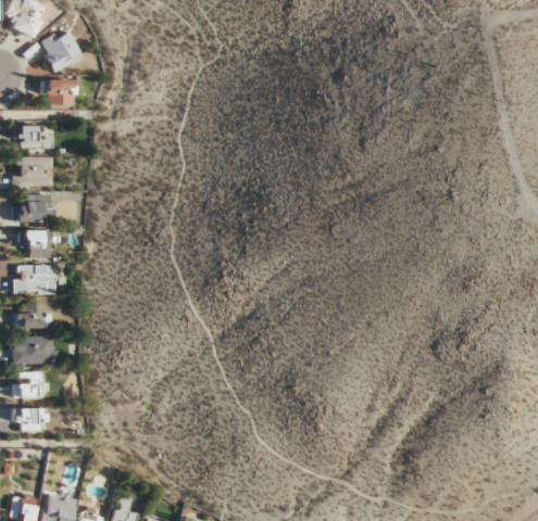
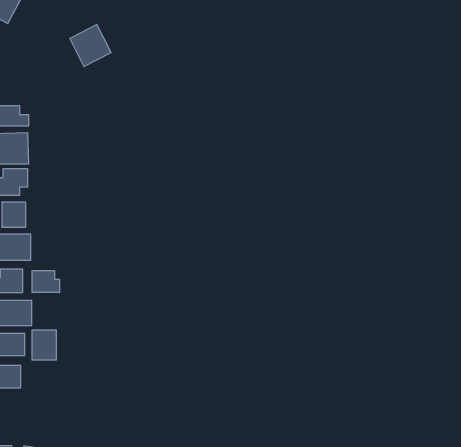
building: [39,27,84,73] -> [70,24,111,67]
building: [43,79,74,103] -> none
building: none -> [32,271,59,293]
building: none -> [32,330,56,360]

